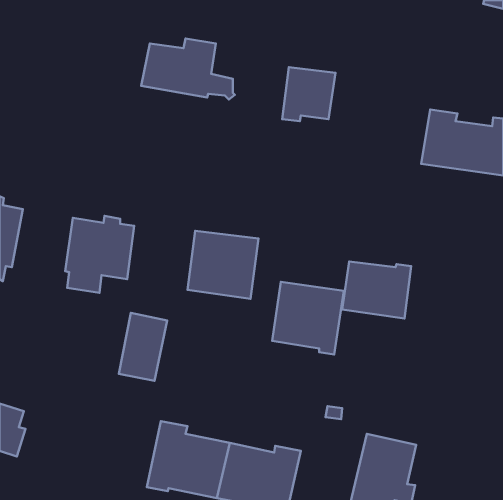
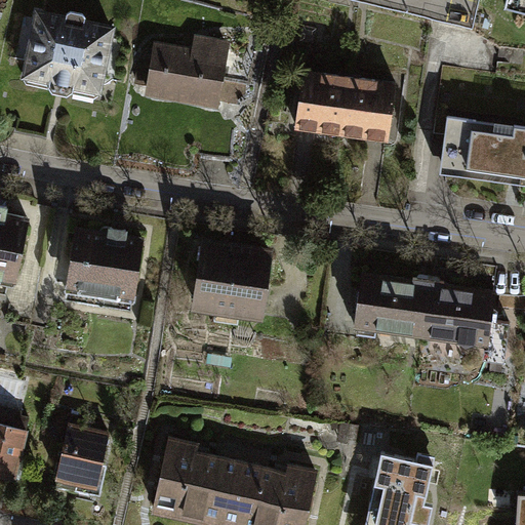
building: none -> [22,13,110,94]
building: none -> [341,80,392,143]
building: none -> [420,281,508,356]
building: [272,282,344,355] -> none
building: [119,313,167,381] -> [54,426,105,496]

